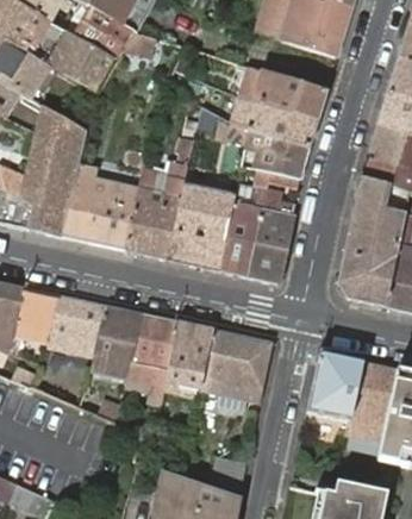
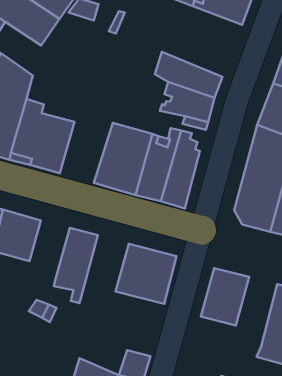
building: [242,67,326,120] -> none
building: [126,119,201,257] -> none
building: [93,306,142,377] -> none
building: [161,320,214,393] -> none
building: [347,361,397,455] -> none

